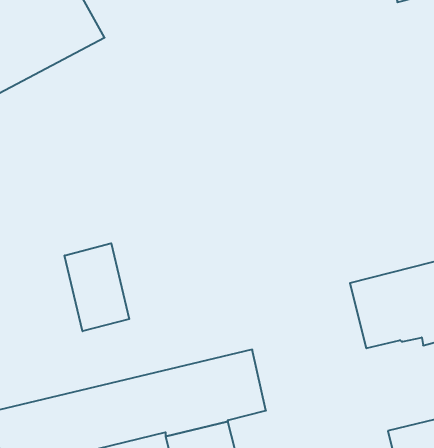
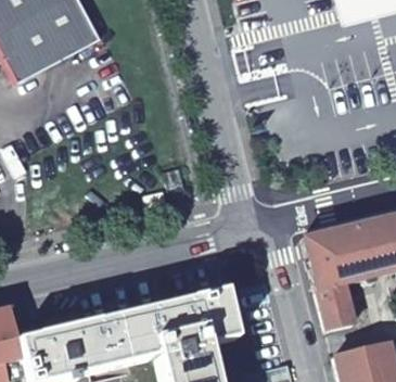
building: [65,243,129,331] -> none
building: none -> [316,280,355,328]

